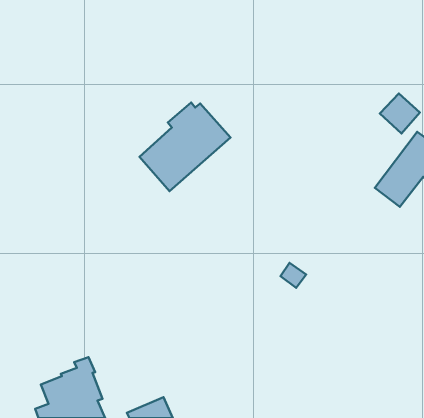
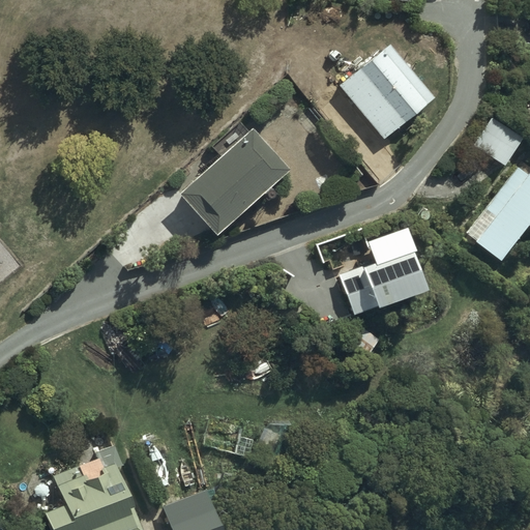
building: none -> [338,43,437,140]
building: none -> [341,233,430,321]

